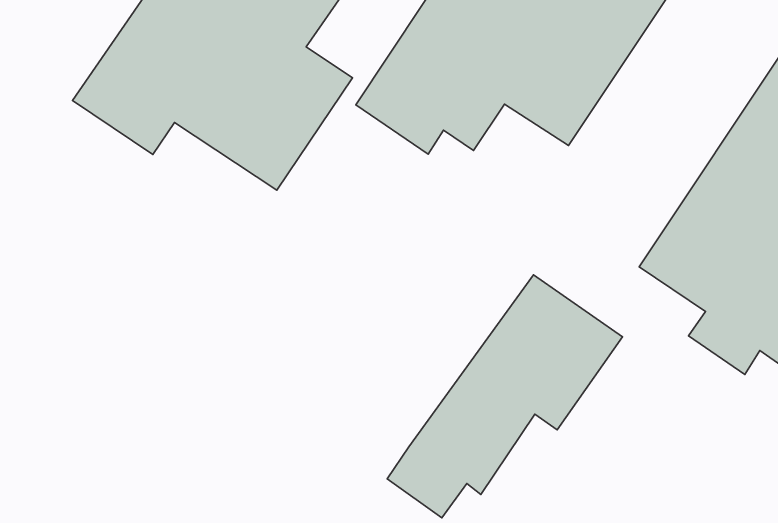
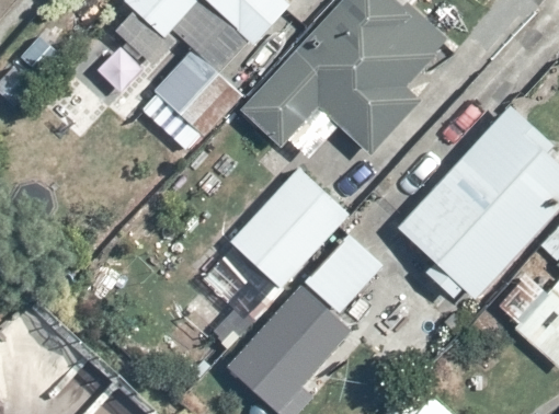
building: none -> [212,165,349,315]

